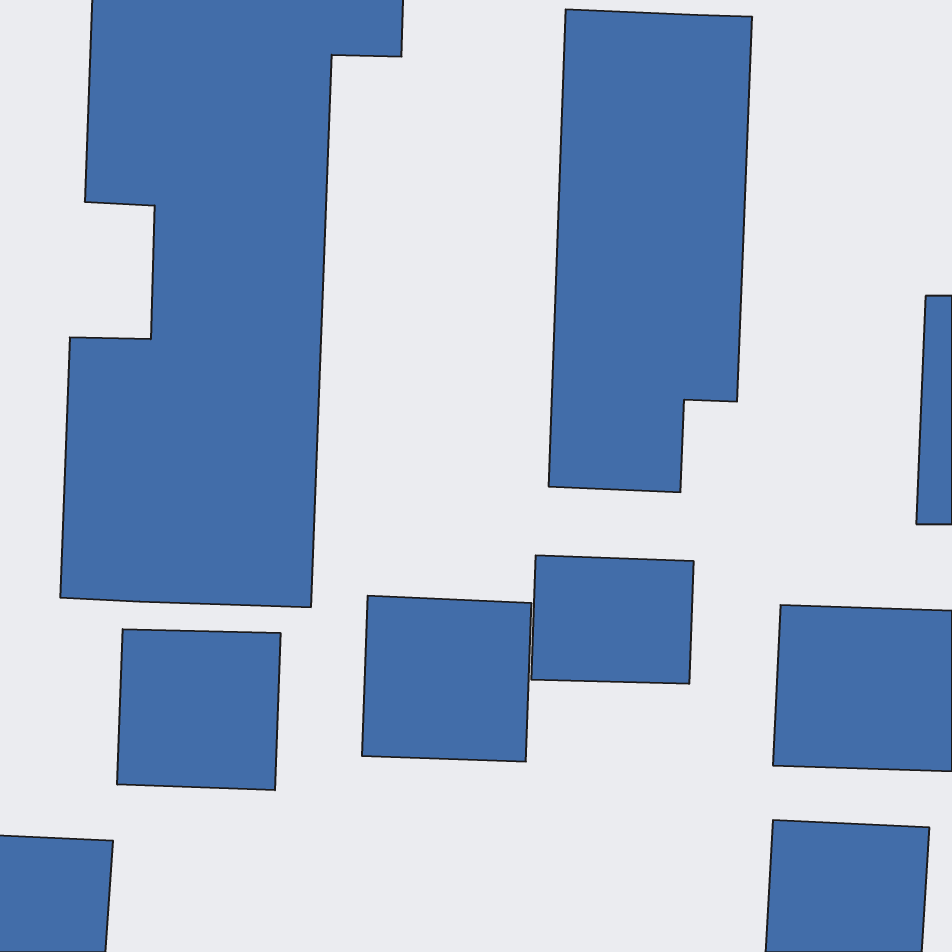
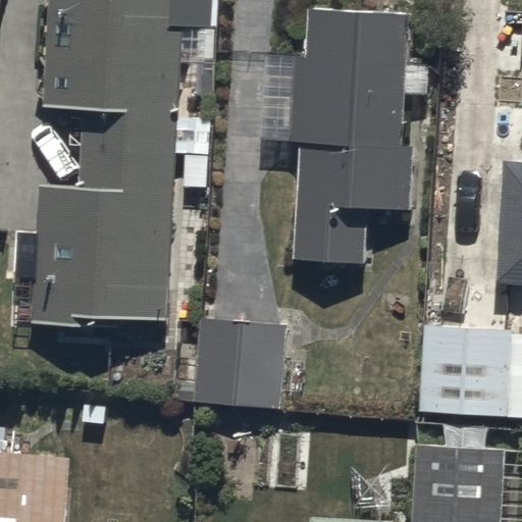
building: [531,555,693,684] -> none
building: [117,629,280,790] -> none

